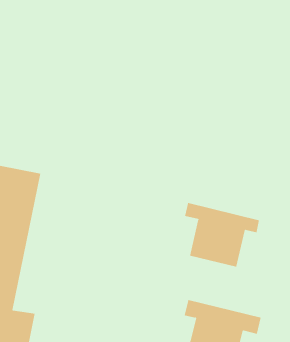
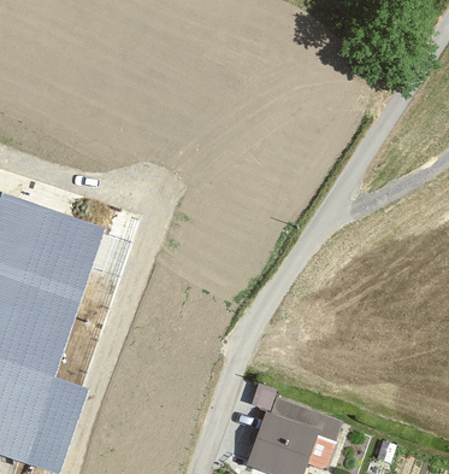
building: [184,202,260,267] -> none

